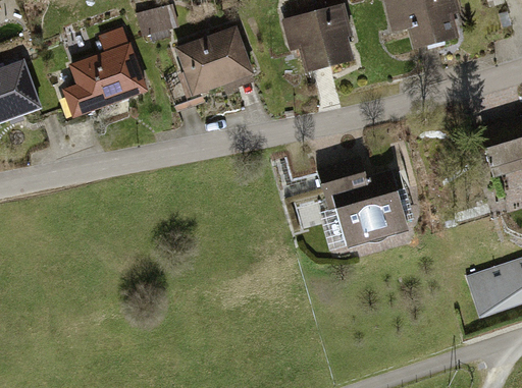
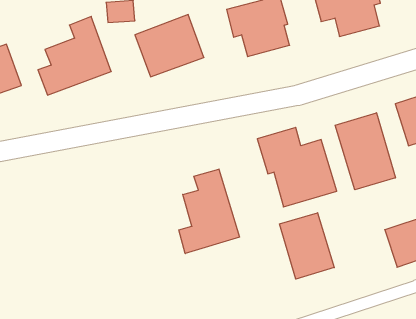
building: none -> [335,113,395,190]
building: none -> [179,169,239,254]
building: none -> [280,213,334,279]

